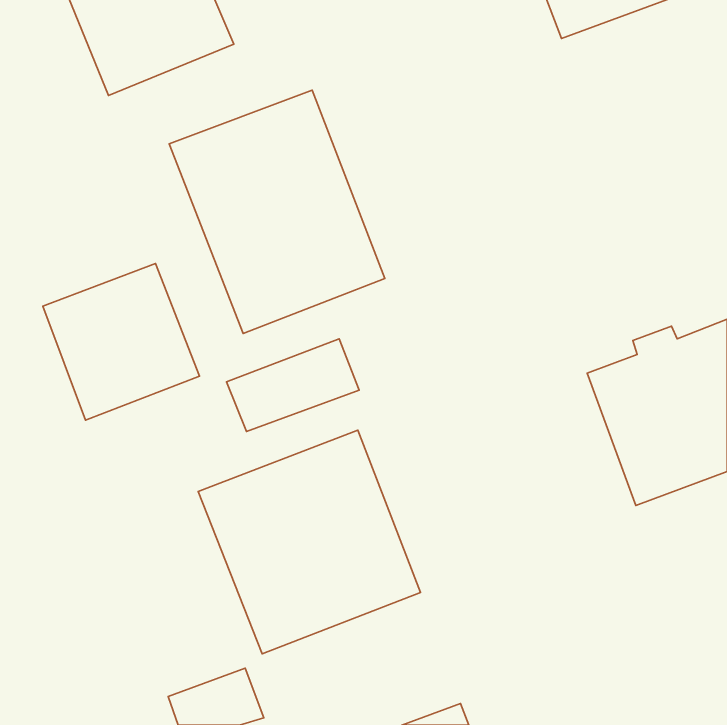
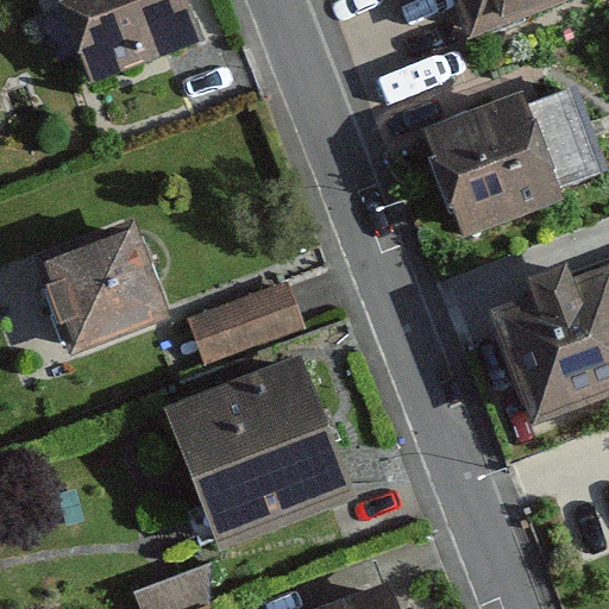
building: [169,90,385,333] -> none
building: none -> [423,89,596,234]

